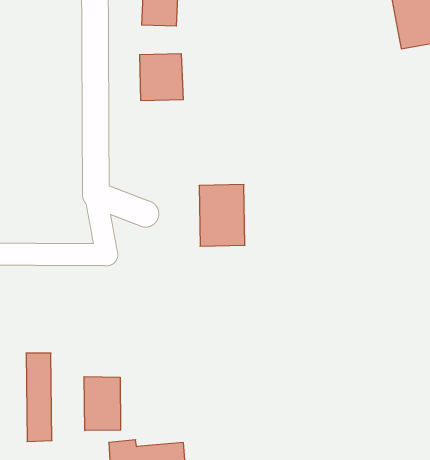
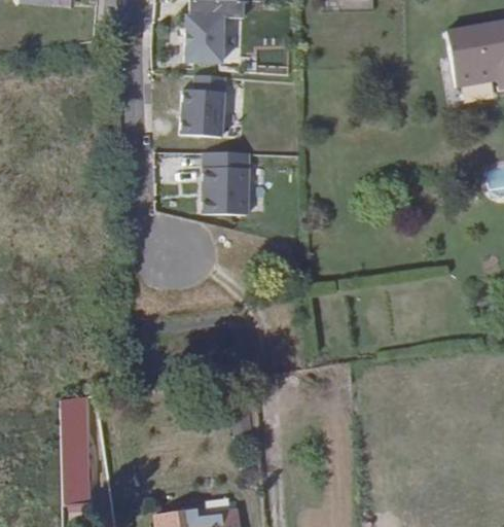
building: [199,185,245,246] -> [206,153,253,217]
building: [84,377,121,431] -> none

